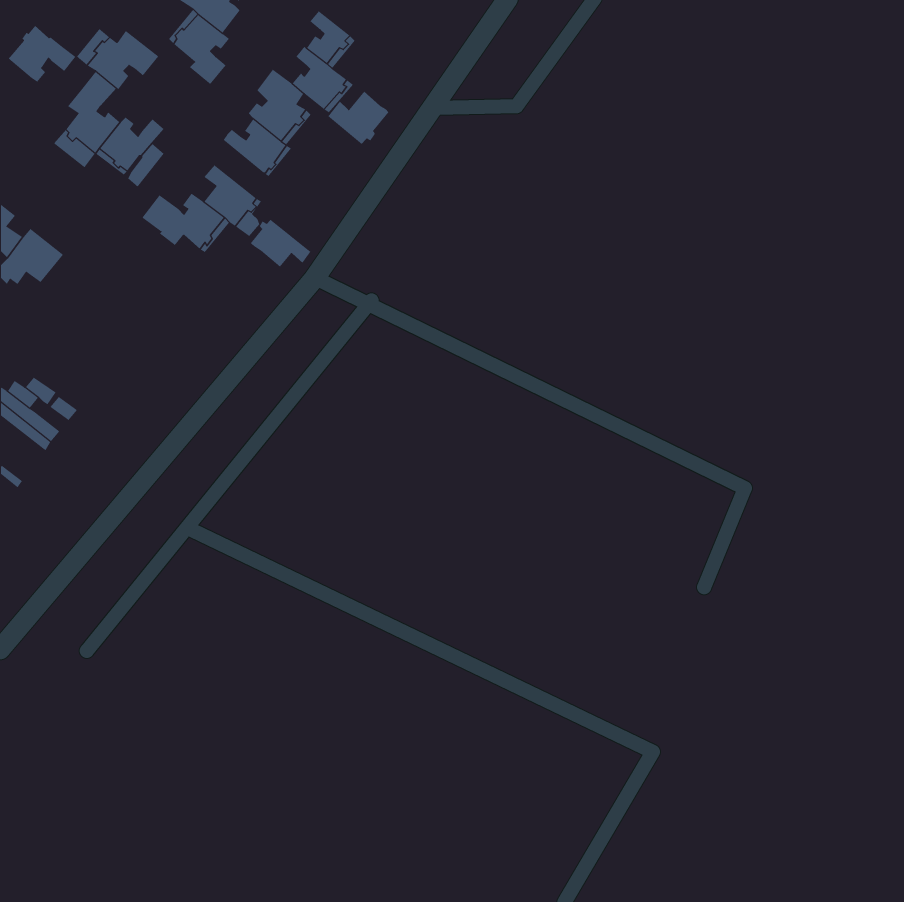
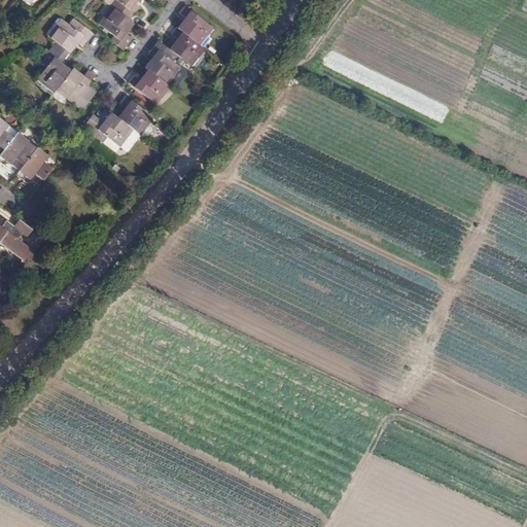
building: [8,25,76,83] -> none
building: [328,91,389,145] -> none
building: [250,219,311,268] -> none
building: none -> [15,147,52,181]

